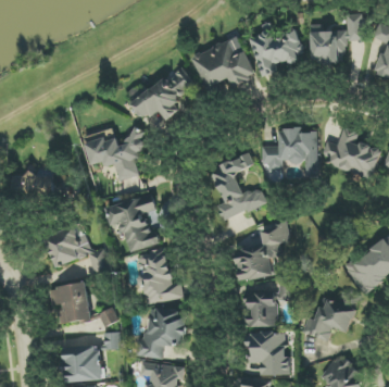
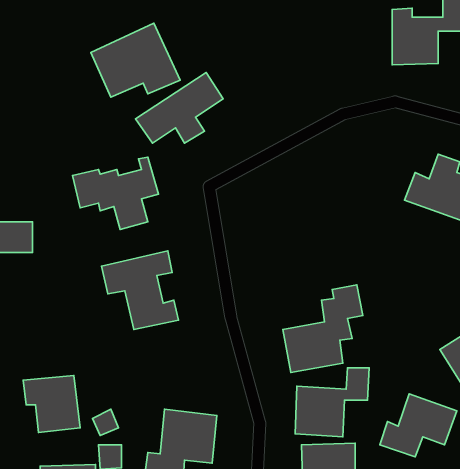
building: [249,27,305,77] -> none
building: [192,36,255,88] -> [91,23,180,97]
building: [263,128,317,177] -> none
building: [210,153,266,222] -> none
building: [43,226,110,274] -> none
building: [137,249,183,304] -> none

